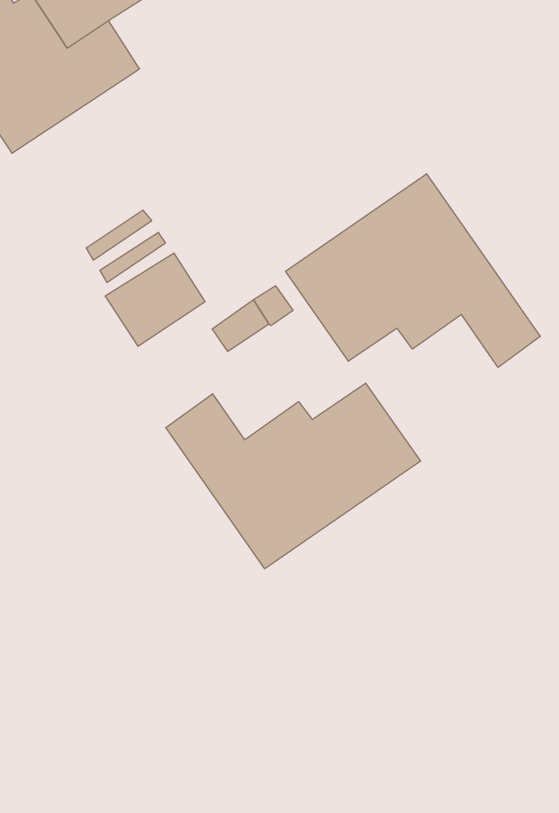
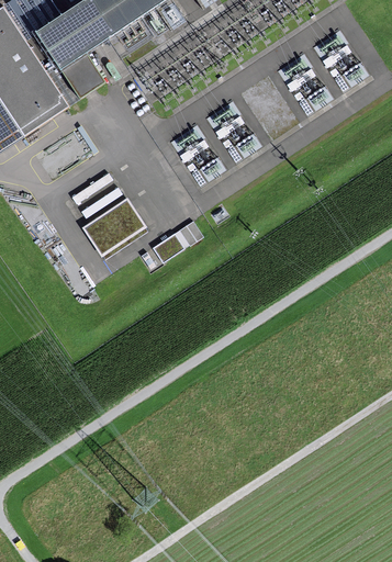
building: [286,174,540,367] -> none
building: [166,383,420,569] -> none

